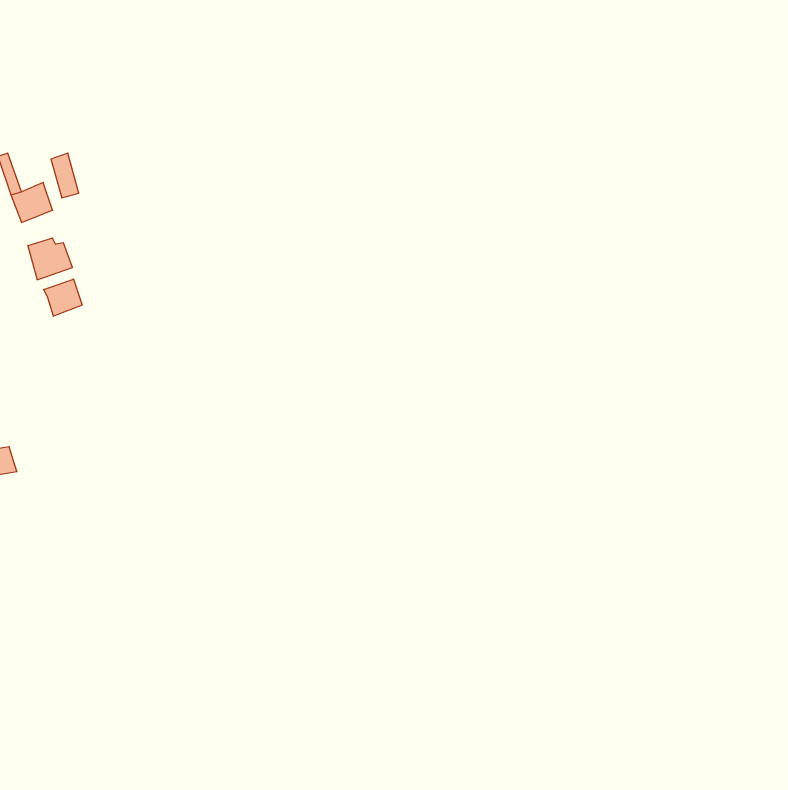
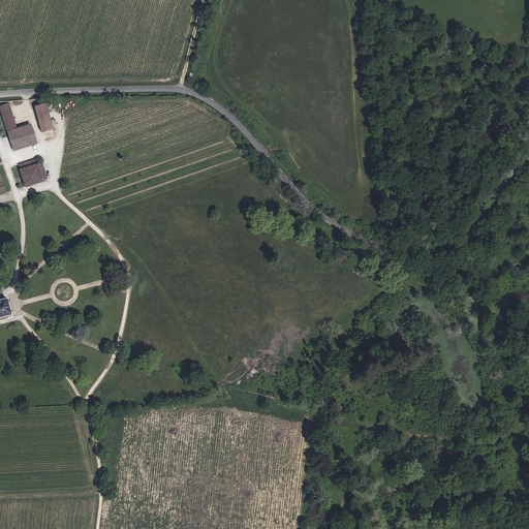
building: [44,279,82,316] -> none

